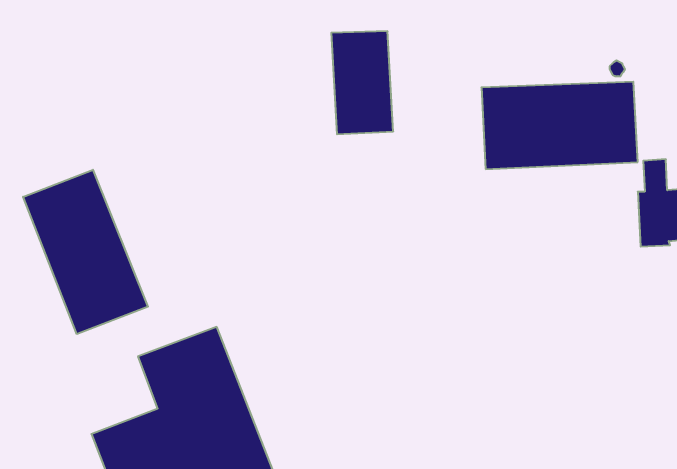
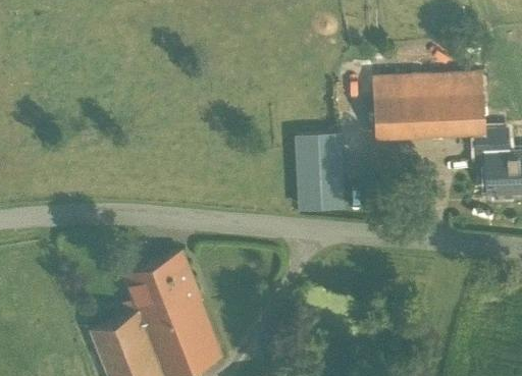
building: [331,31,393,134] -> [298,136,343,210]
building: [23,170,148,334] -> none

